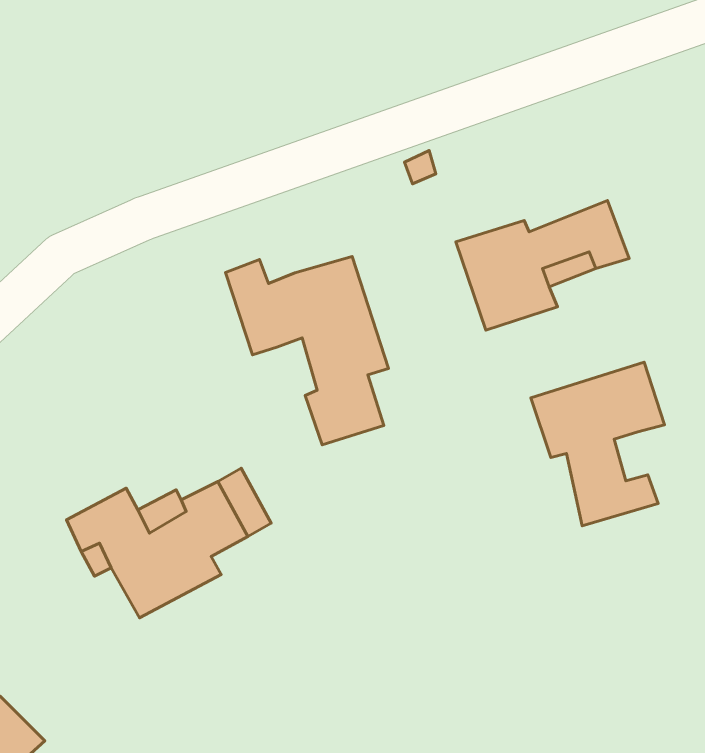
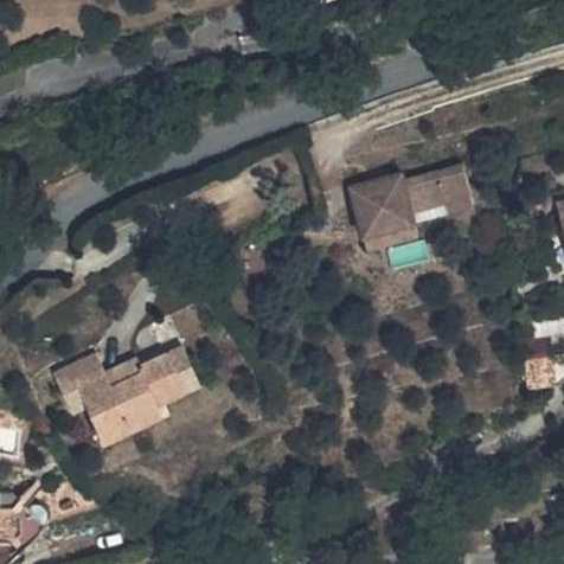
building: [226,256,389,445] -> none
building: [531,362,665,526] -> none

